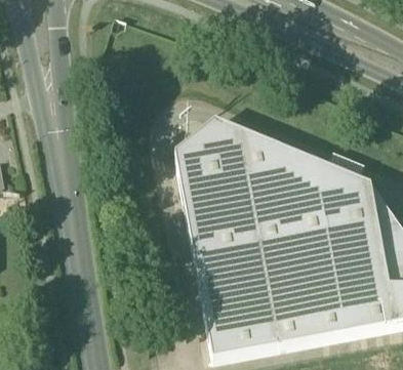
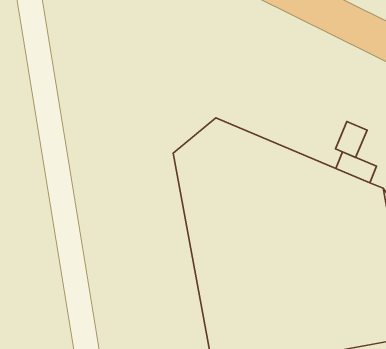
building: none -> [335,121,367,158]

